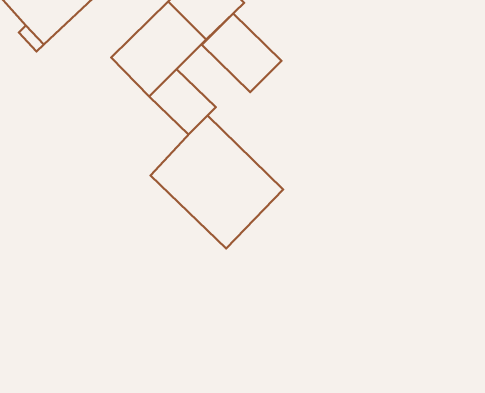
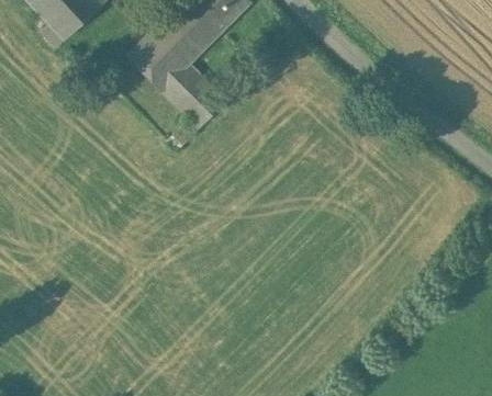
building: [202,13,282,92] -> none
building: [151,115,283,249] -> none

